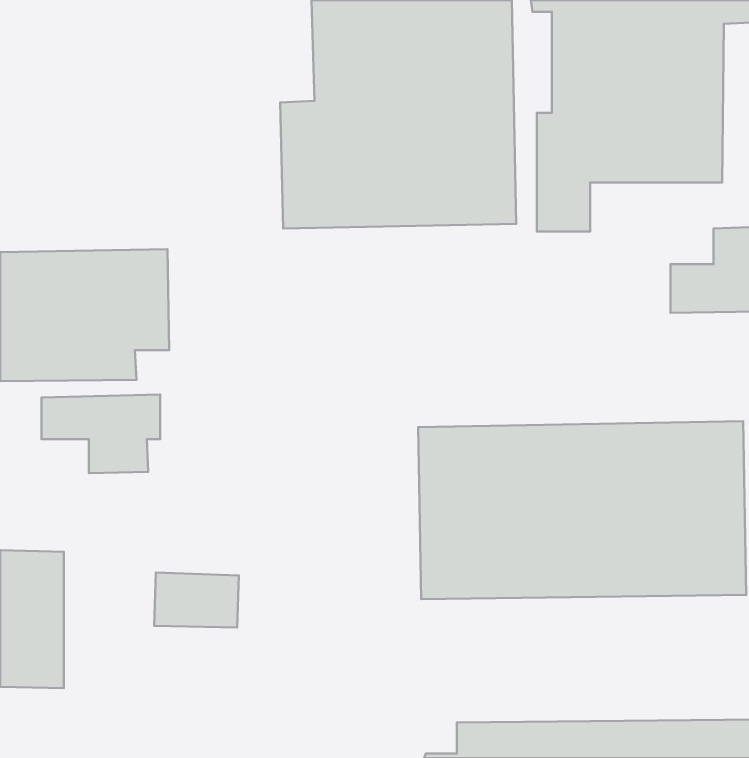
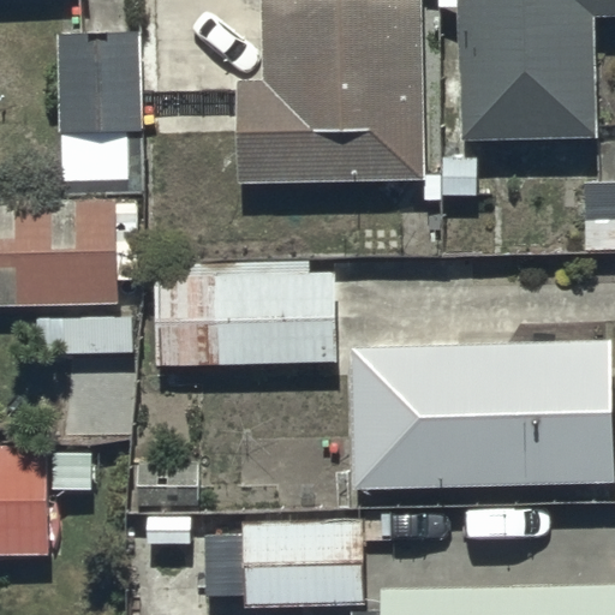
building: none -> [55,37,150,184]
building: none -> [153,263,339,366]
building: none -> [207,519,371,607]

